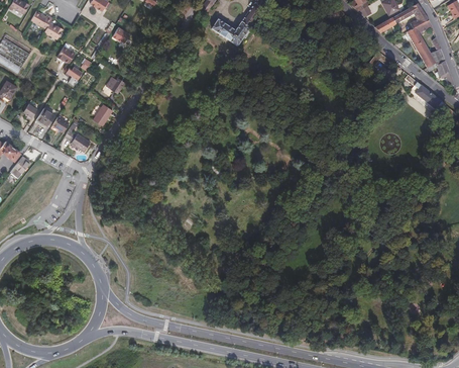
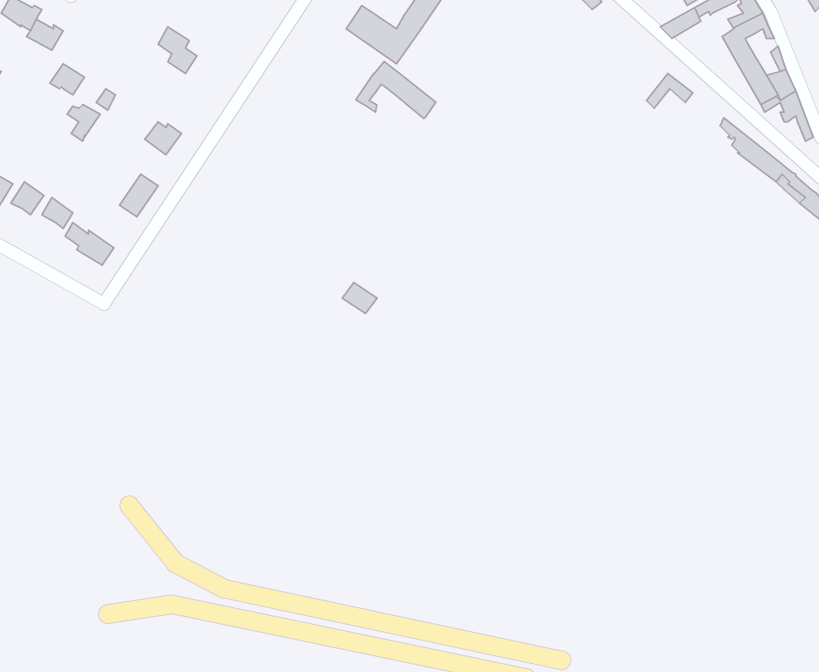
building: none -> [356,62,436,118]

